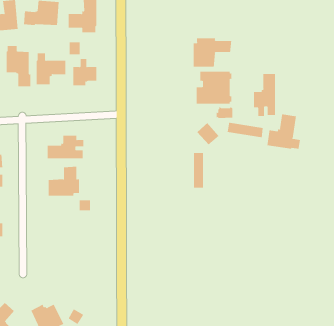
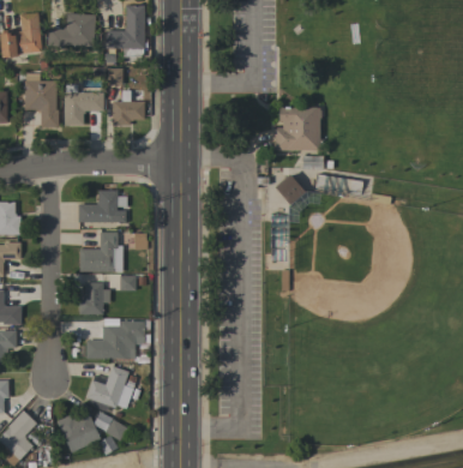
building: [193,38,232,68] -> none
building: [254,73,276,117] -> none
building: [267,114,300,150] -> none
building: none -> [76,283,109,314]
building: none -> [85,320,144,359]
building: none -> [85,365,133,409]

